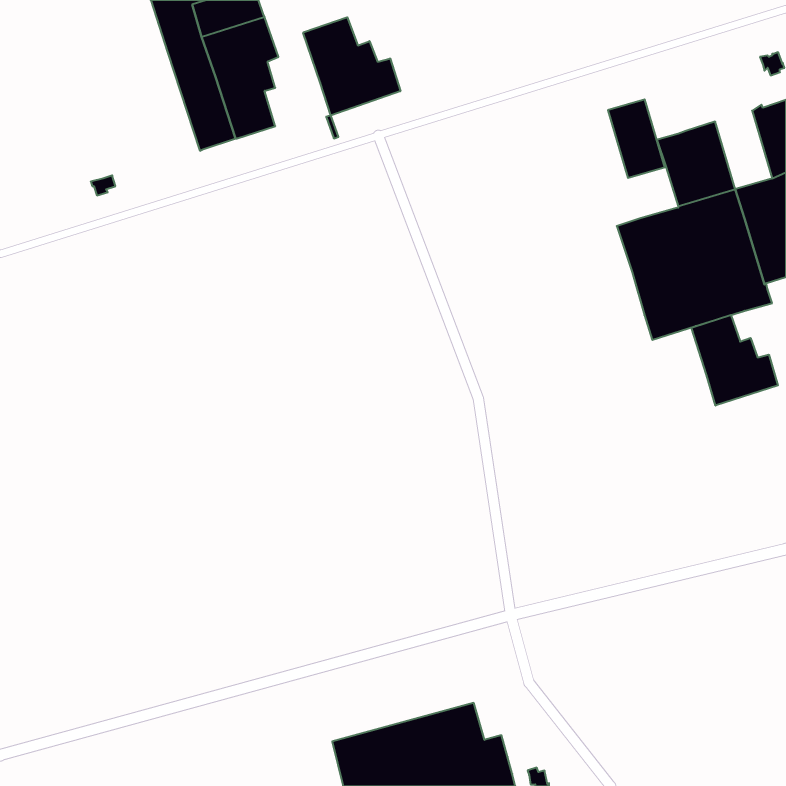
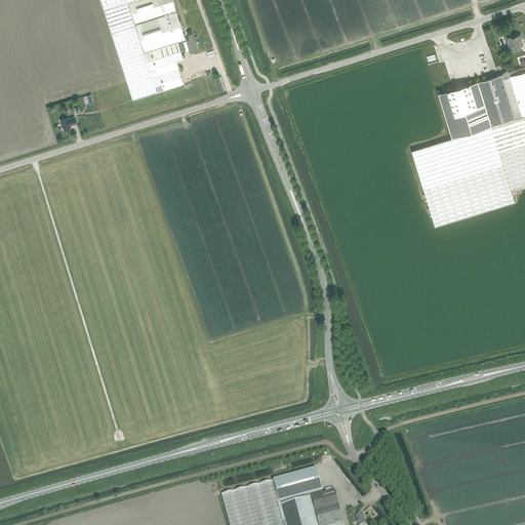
building: [303,17,400,115] -> none
building: [608,99,665,178] -> [477,74,515,126]
building: [691,315,778,406] -> none

